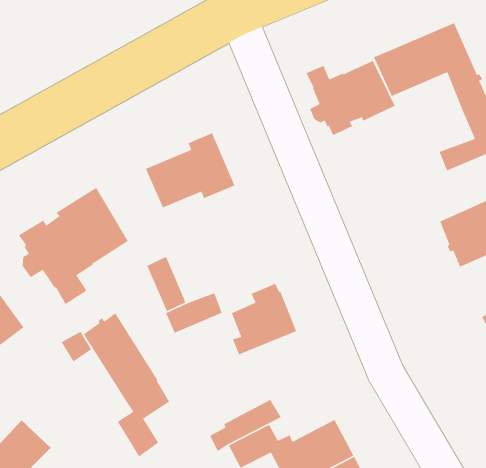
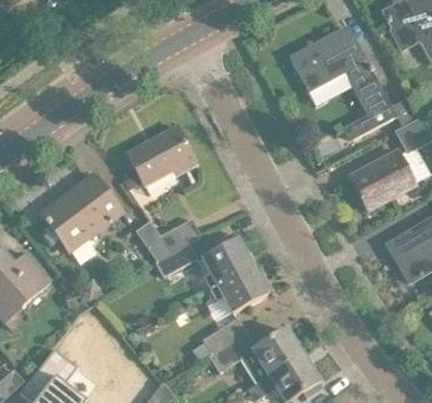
building: [305,60,396,136] -> none
building: none -> [158,218,199,253]
building: [83,312,170,457] -> none
building: none -> [209,267,266,314]

